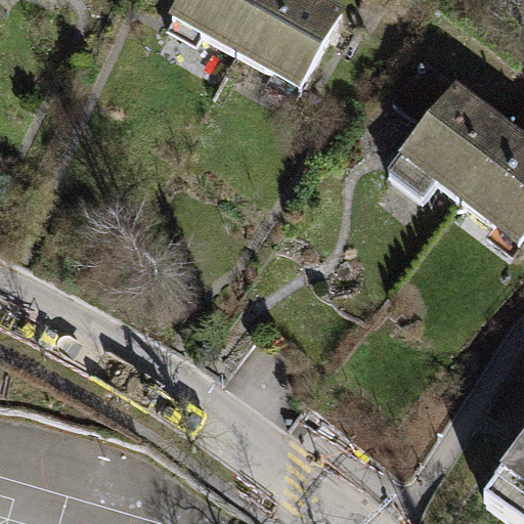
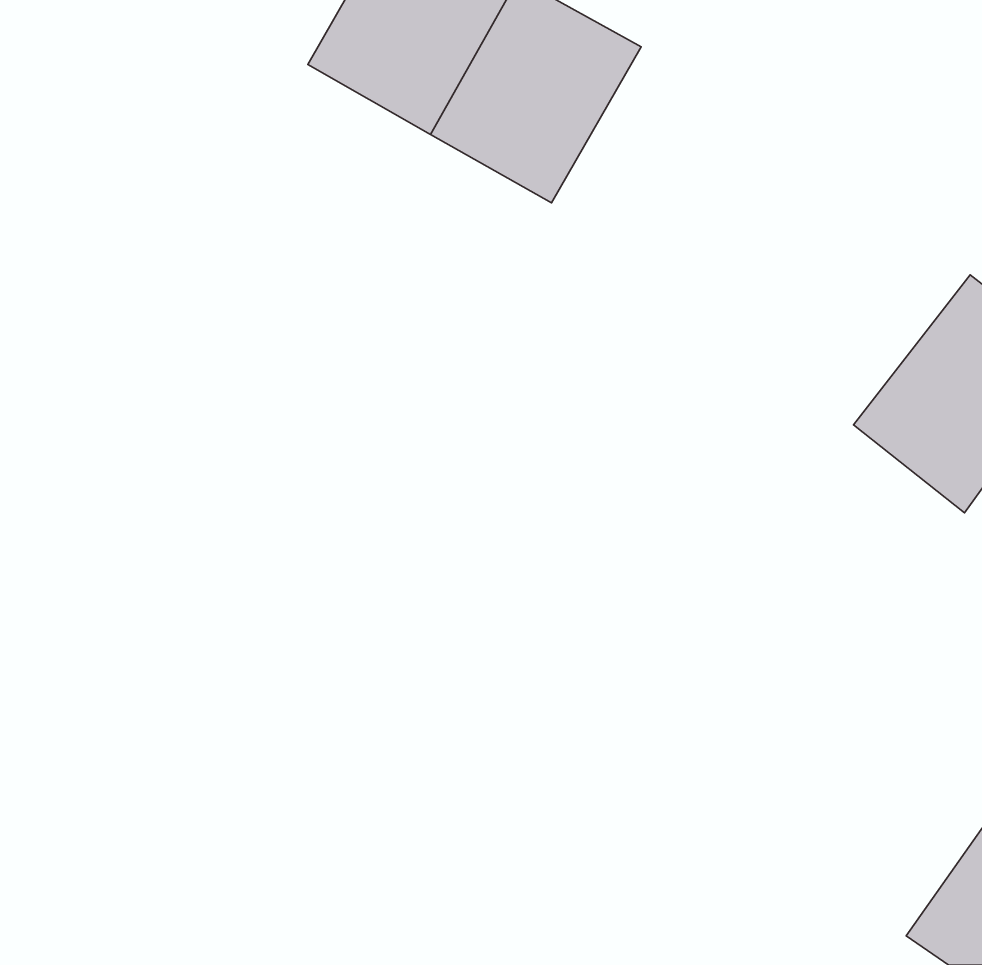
building: [397,98,517,223] -> none

